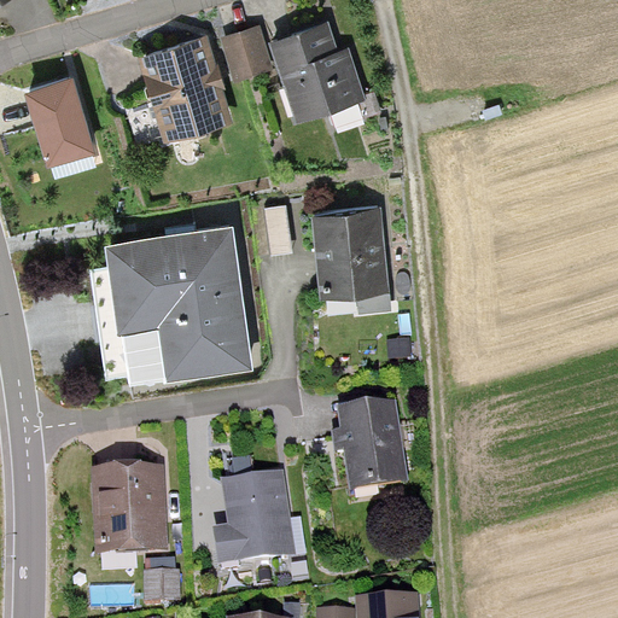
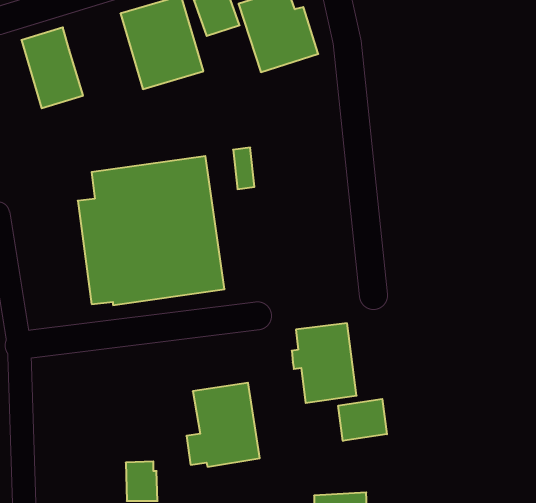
building: [313,206,391,315] -> none
building: [92,471,165,554] -> none
building: none -> [338,399,387,441]

